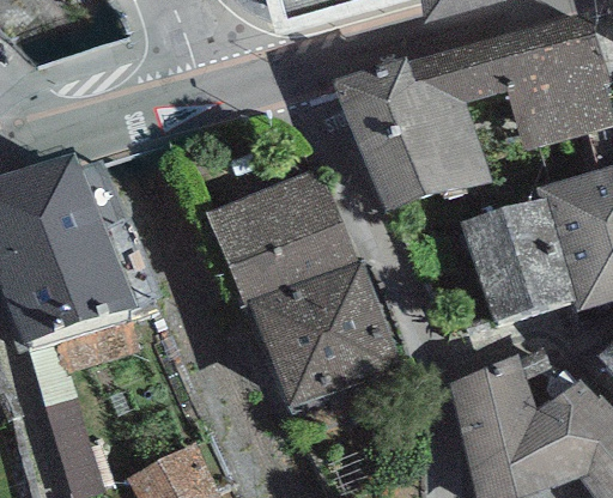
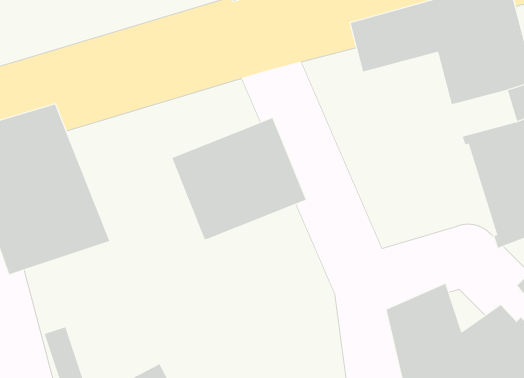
building: [330,59,493,211] -> none
building: [461,196,576,326] -> none
building: [249,260,403,411] -> none

